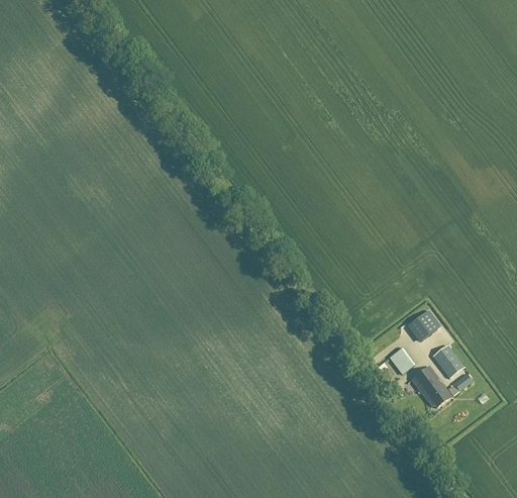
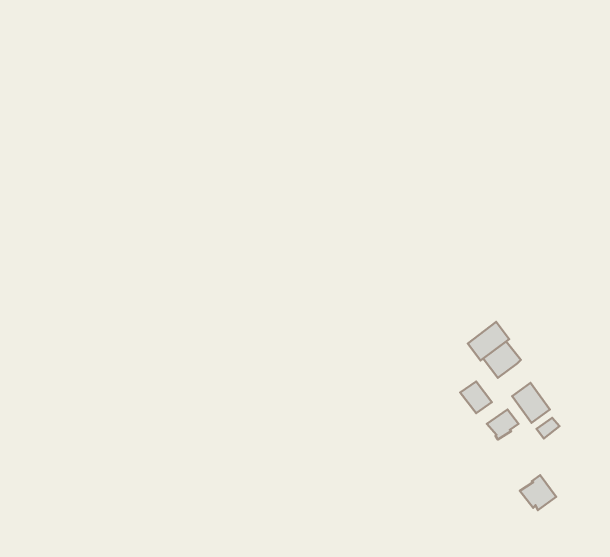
building: none -> [468,322,509,361]
building: [419,380,449,409] -> [520,475,556,510]

